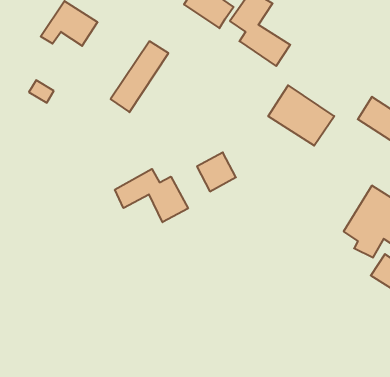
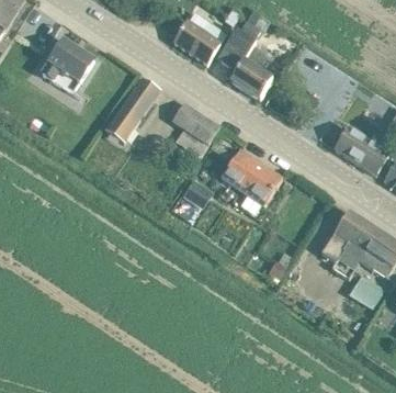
building: none -> [171,101,219,156]
building: [268,85,334,146] -> [220,148,282,204]
building: [115,169,188,222] -> none

